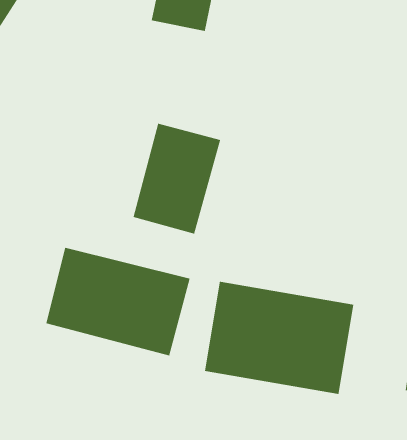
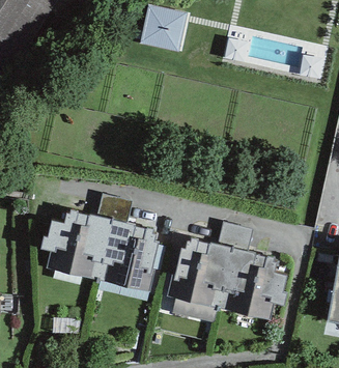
building: [133,123,221,234] -> none

